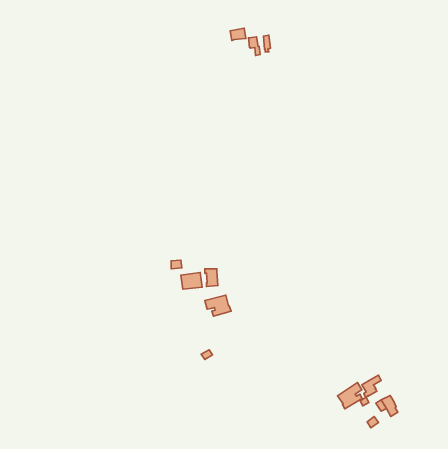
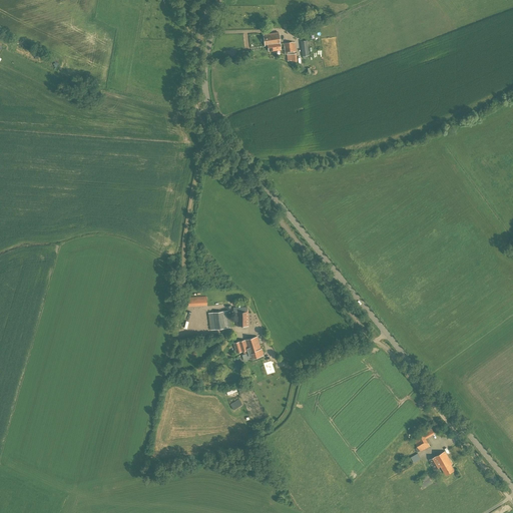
building: [338,383,362,409] -> none

